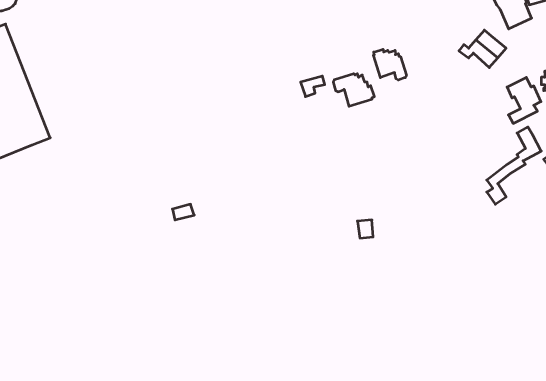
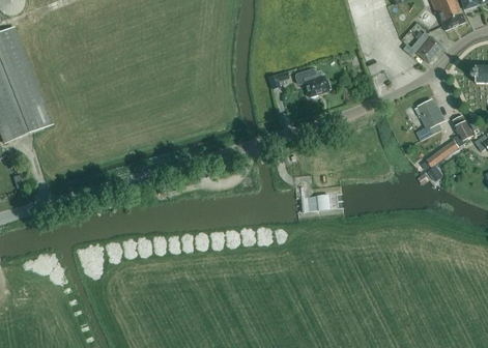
building: [373,49,406,80] -> none
building: [507,77,541,123] -> [415,99,444,139]

